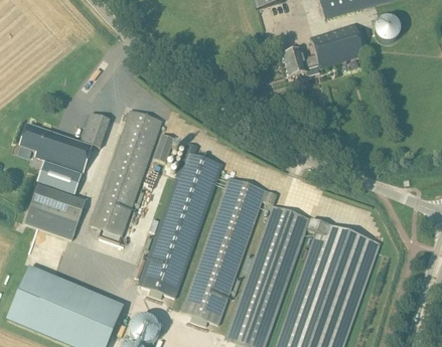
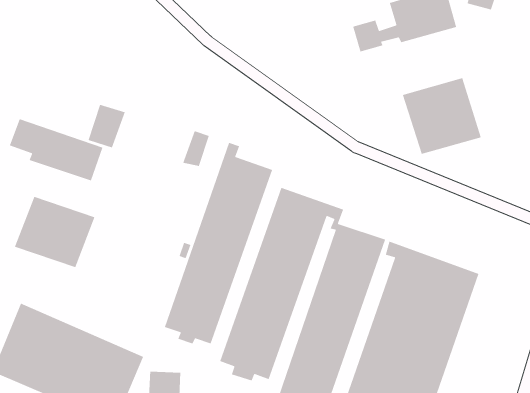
building: none -> [402,77,482,155]
building: [91,109,162,238] -> none
building: [37,160,83,194] -> none

